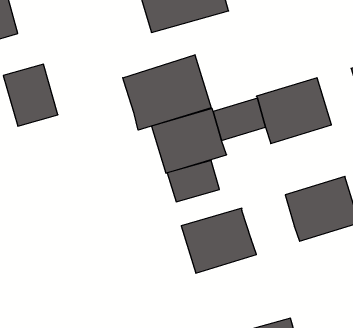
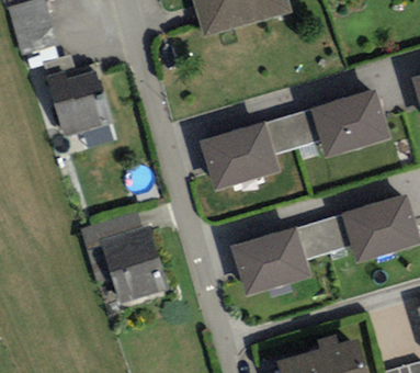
building: [123,55,211,130] -> none
building: [167,161,219,202] -> [297,214,353,258]
building: none -> [99,228,159,302]

